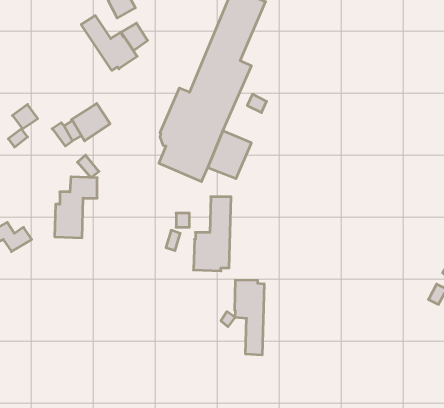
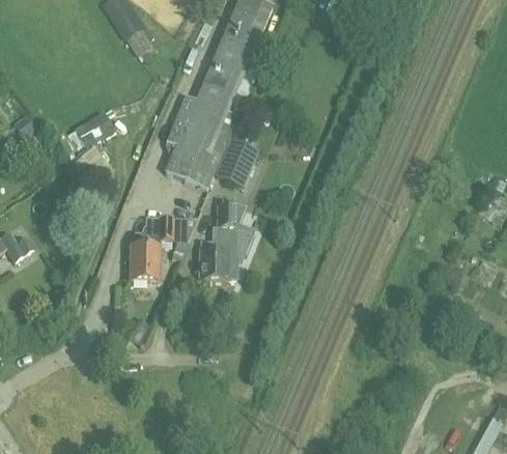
building: [81,16,137,70] -> none
building: [55,177,97,238] -> [130,216,173,278]
building: [235,280,264,355] -> none

